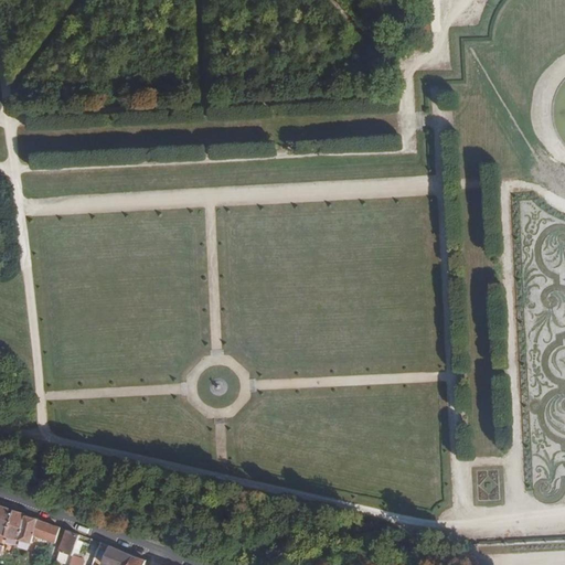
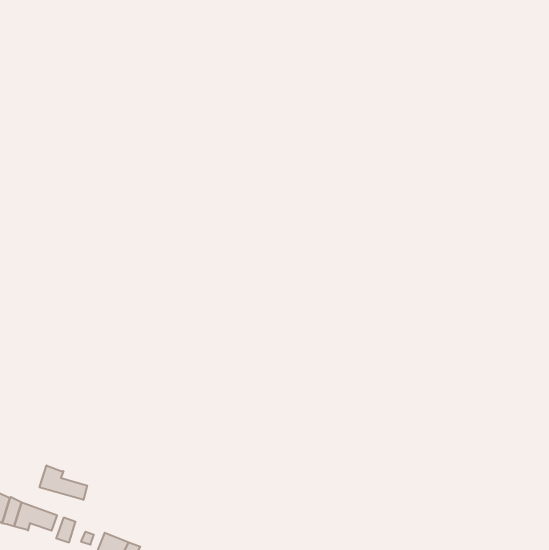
building: none -> [40,465,87,500]

